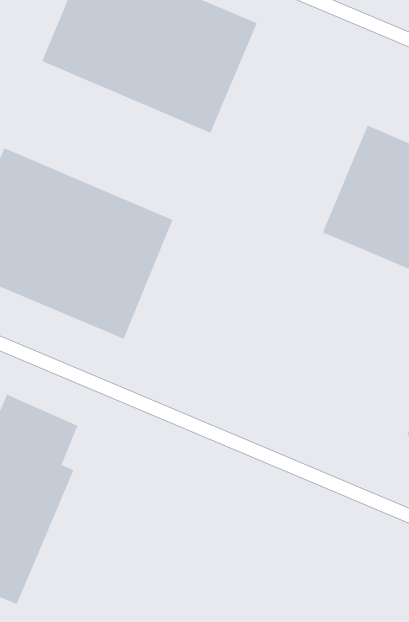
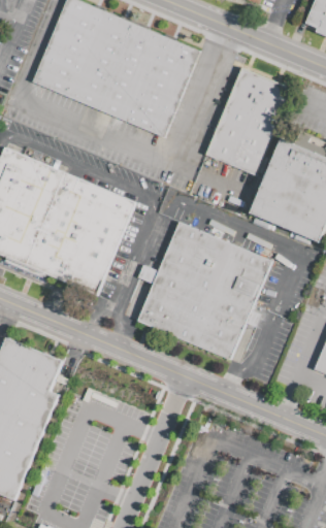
building: none -> [206,67,292,175]
building: none -> [138,222,270,358]

